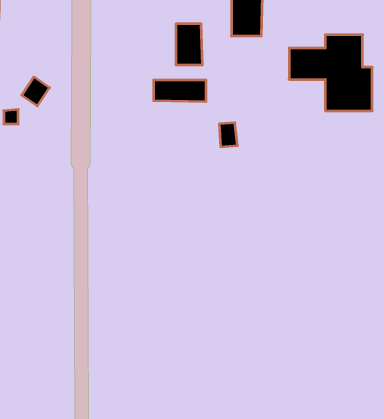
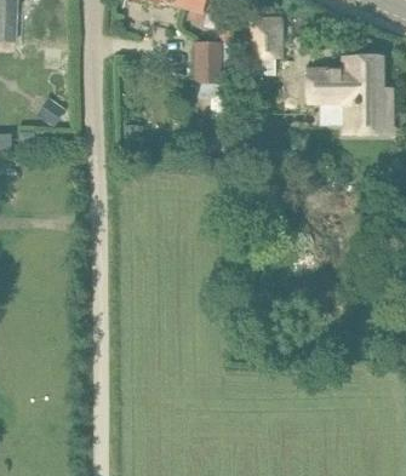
building: [154,80,206,102] -> none

